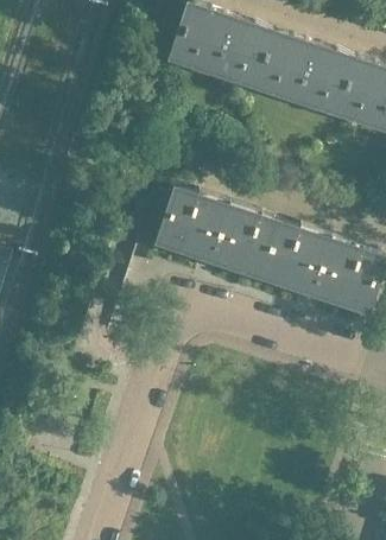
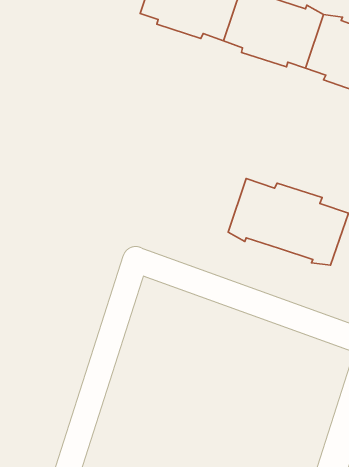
building: [157,190,276,277] -> none

